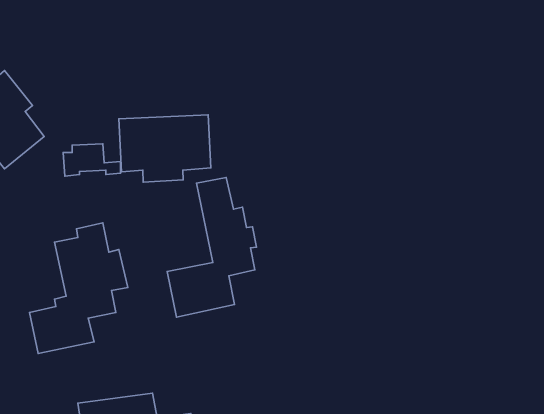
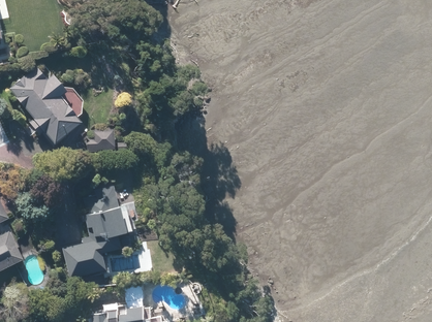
building: [119,115,211,182] -> none
building: [167,178,256,317] -> none

